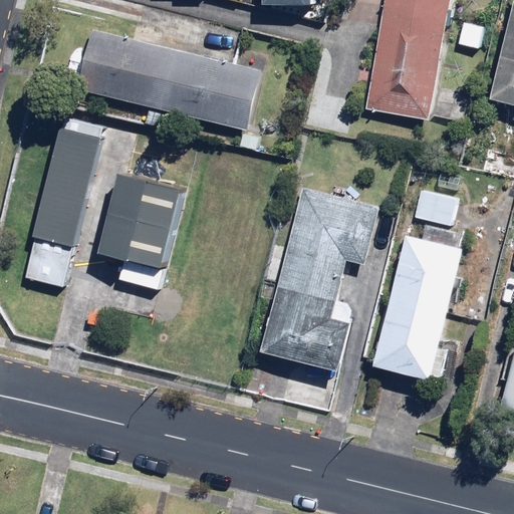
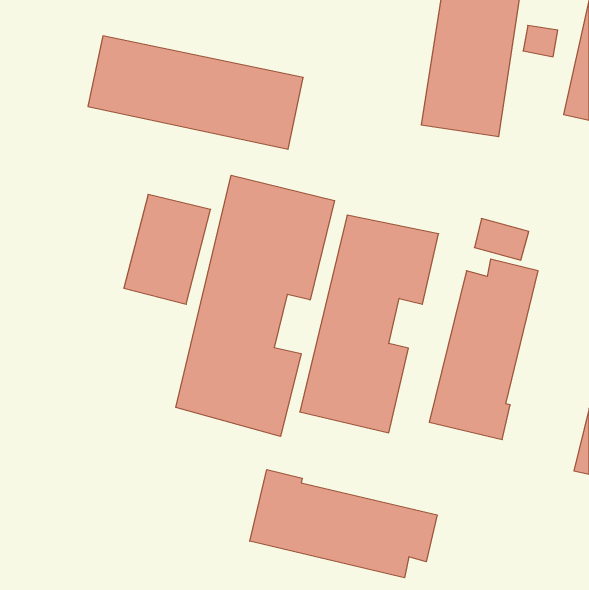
building: [24,127,102,287] -> none
building: none -> [176,175,335,436]
building: none -> [250,470,437,578]

